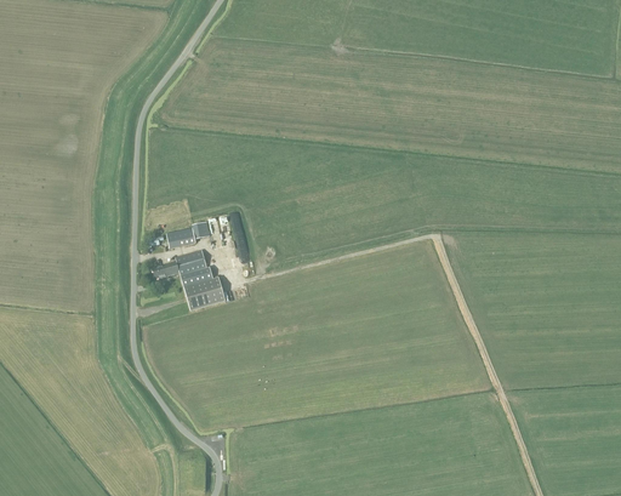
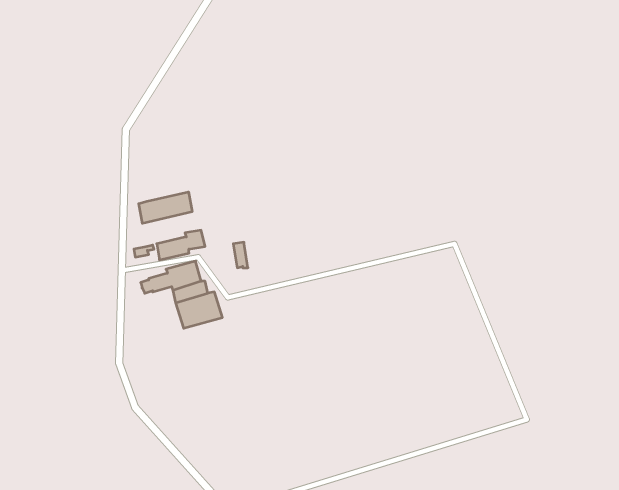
building: none -> [139,192,192,223]

